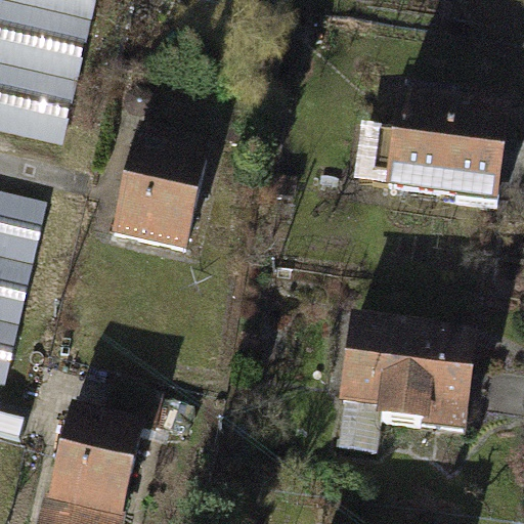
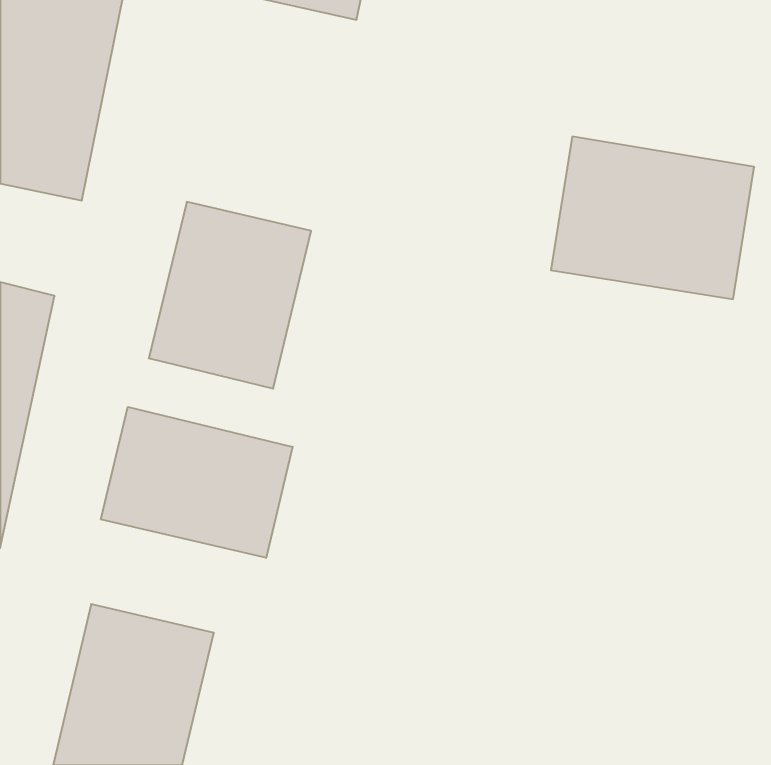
building: none -> [101,407,293,558]
building: [332,323,475,435] -> none

